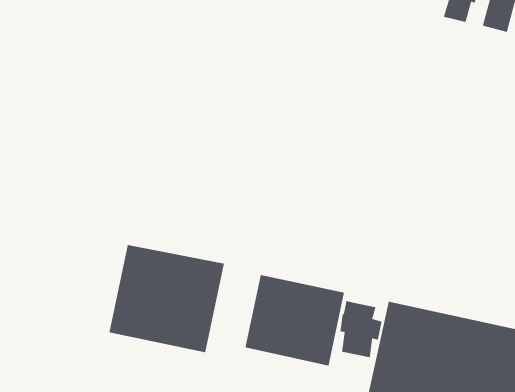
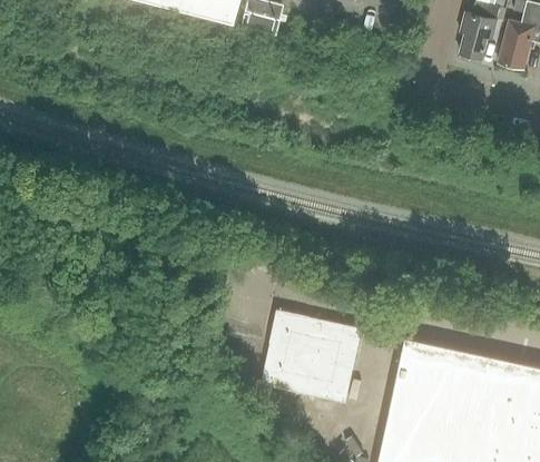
building: [109,244,225,353] -> none
building: [340,300,383,358] -> none

